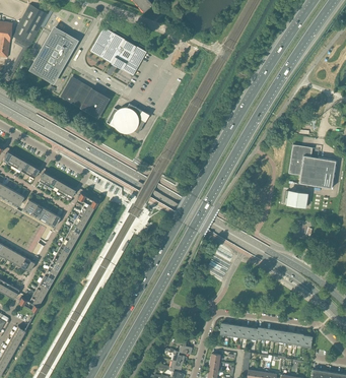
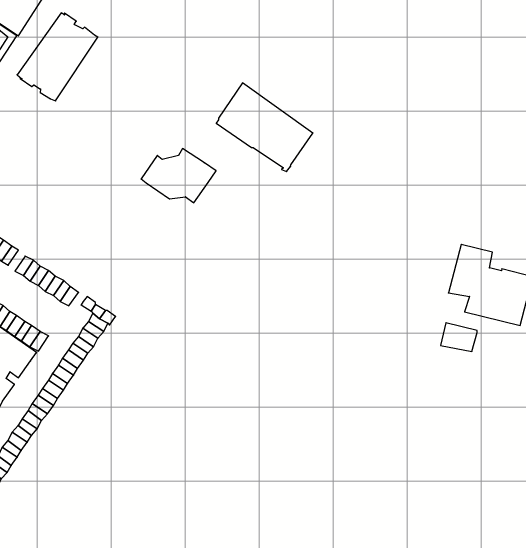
building: [90,27,146,76] -> [216,83,313,172]
building: [63,78,110,119] -> none

